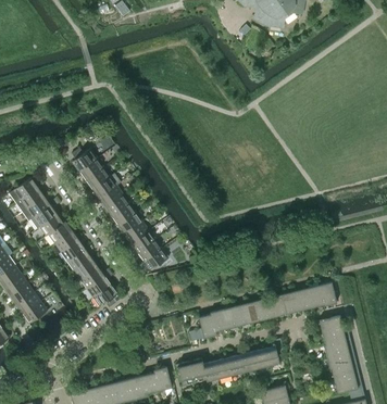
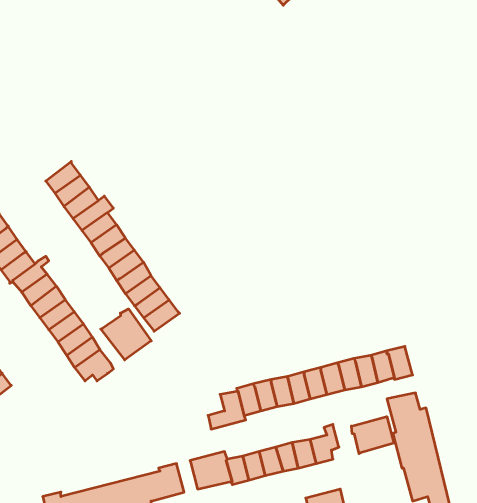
building: none -> [101,309,151,360]
building: none -> [351,417,394,454]

